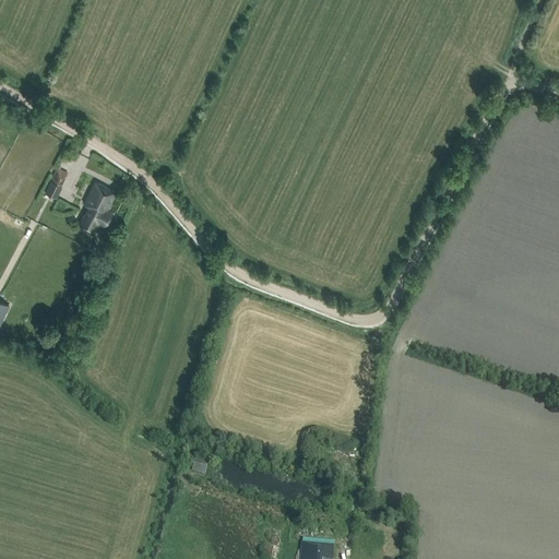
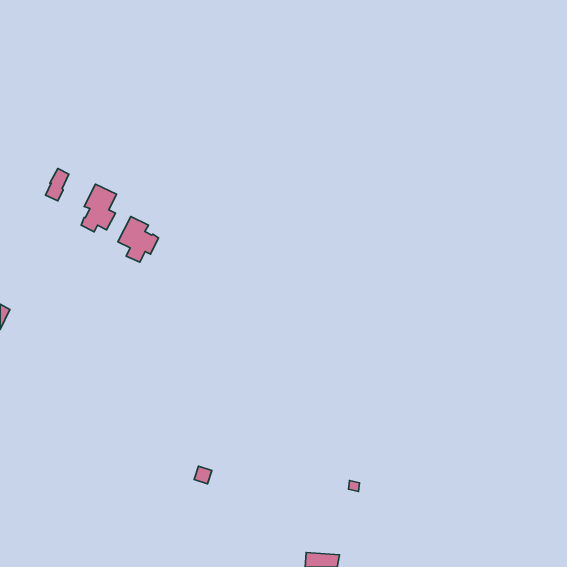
building: none -> [118,216,159,262]

